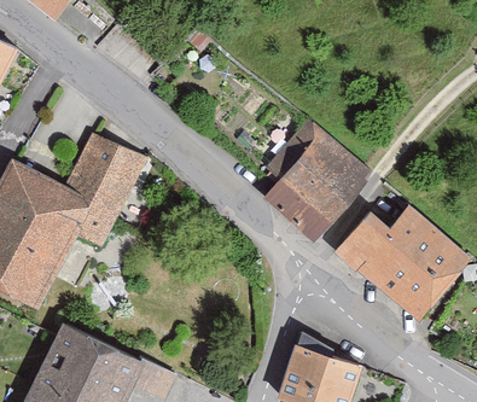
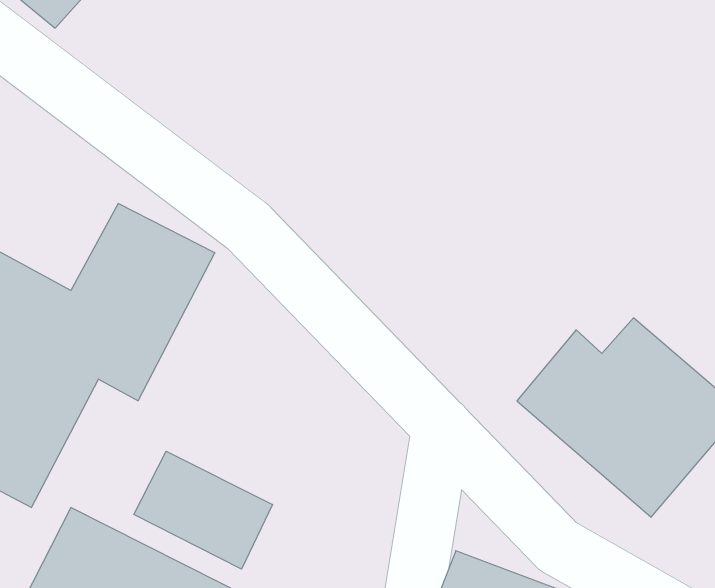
building: [248,121,365,239] -> none
building: none -> [134,451,272,569]

